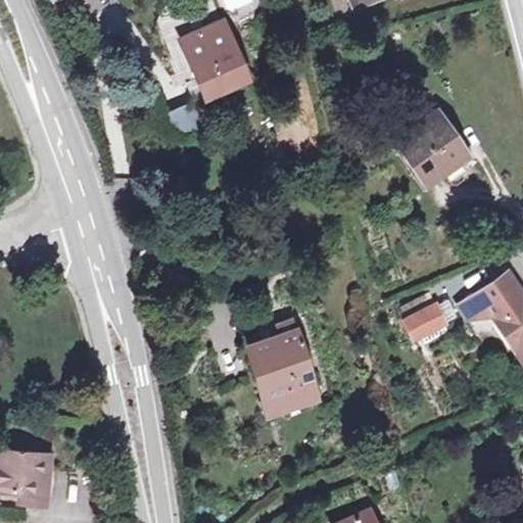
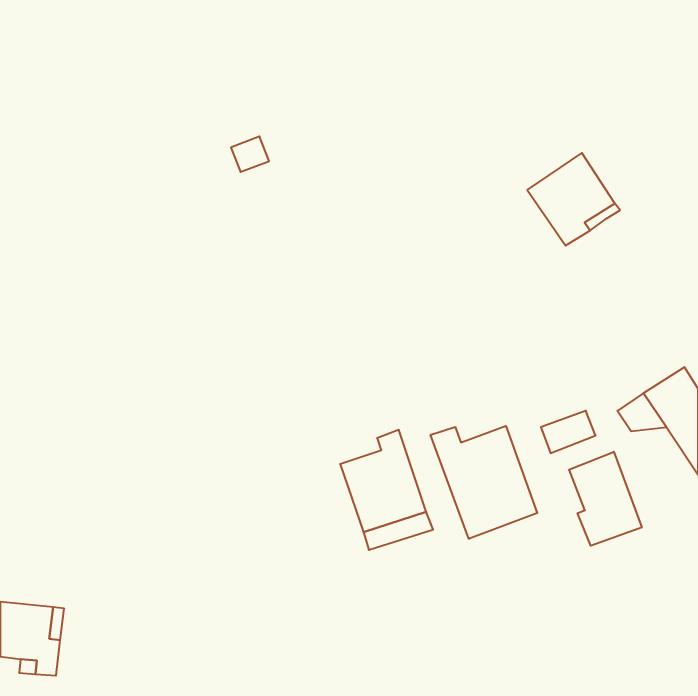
building: [179,19,245,97] -> none
building: none -> [431,426,537,539]
building: none -> [569,452,642,546]

